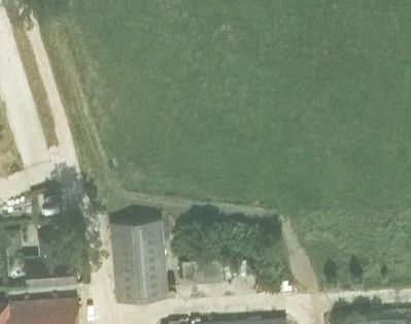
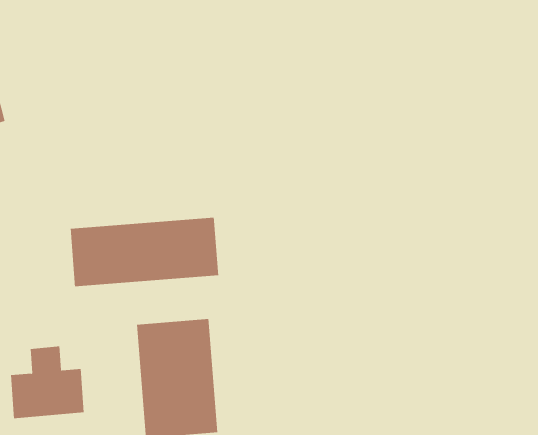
building: none -> [70,217,219,287]

